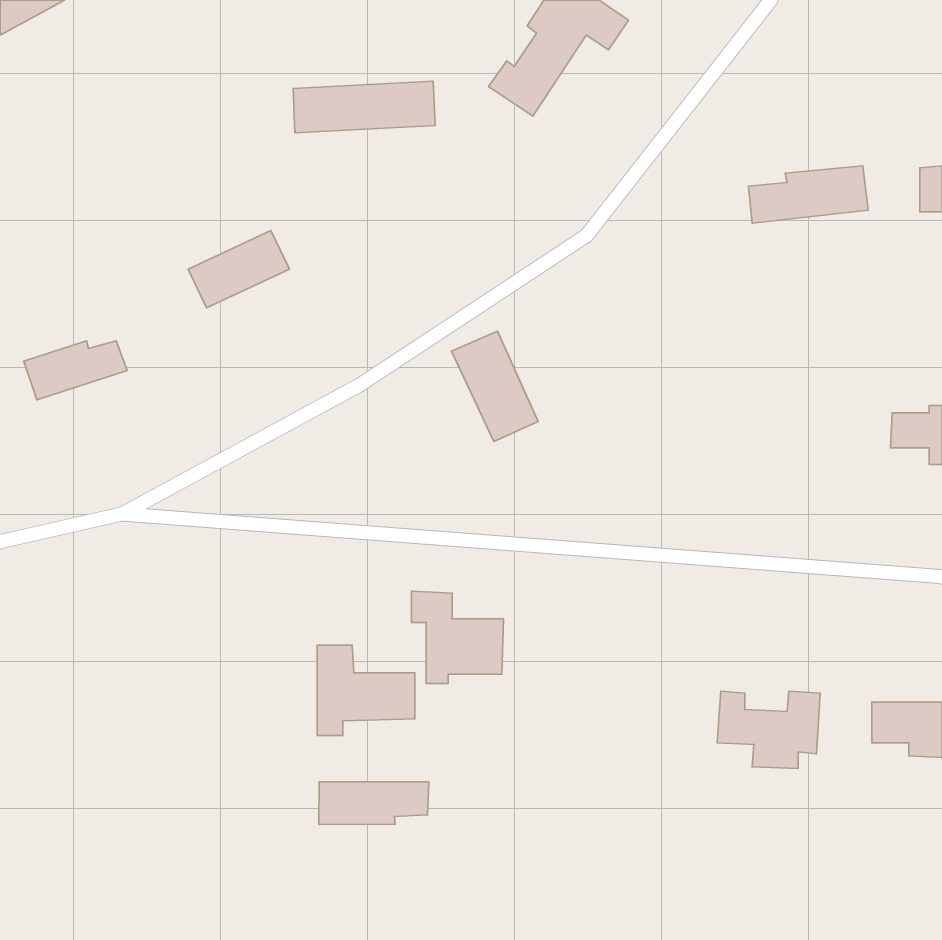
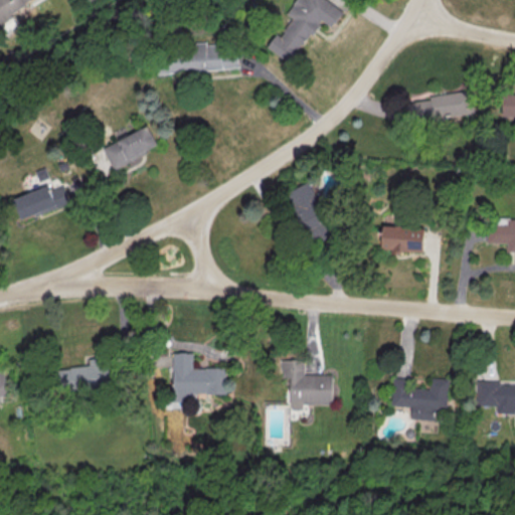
building: [451,331,538,442] -> [285,182,332,242]
building: none -> [381,227,423,253]
building: [411,591,504,683] -> [282,360,332,410]
building: none -> [57,357,113,393]
building: [319,782,429,824] -> none

